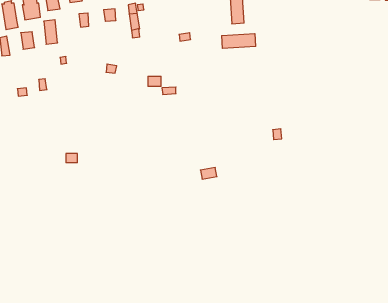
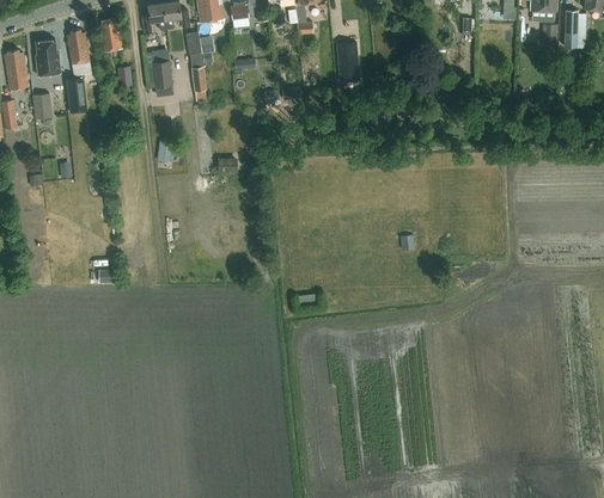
building: [222,34,256,48] -> none

